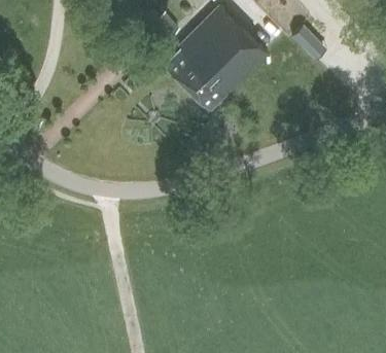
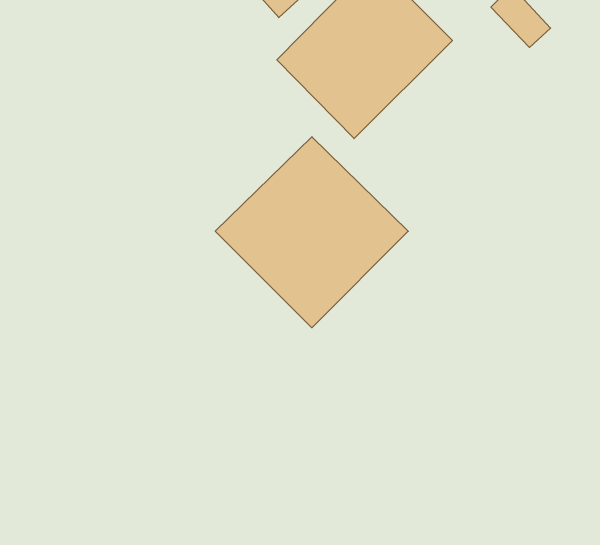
building: none -> [215,137,408,328]

